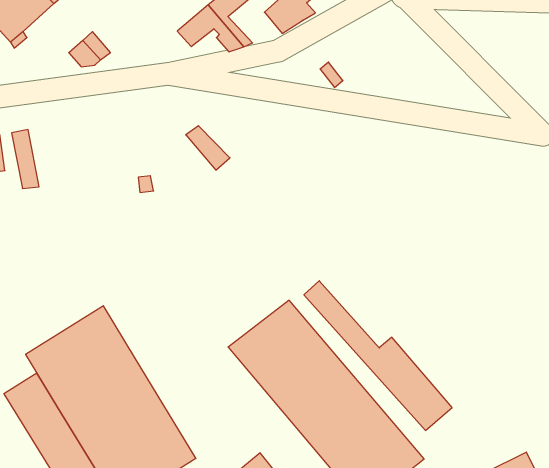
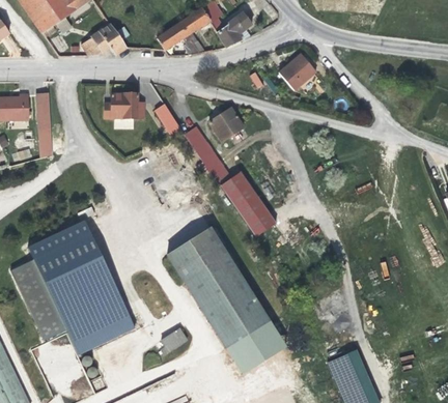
building: none -> [99,25,127,54]
building: none -> [284,54,315,85]
building: none -> [104,93,144,118]
building: none -> [208,108,243,142]
building: [304,281,452,430] -> [185,127,276,236]

